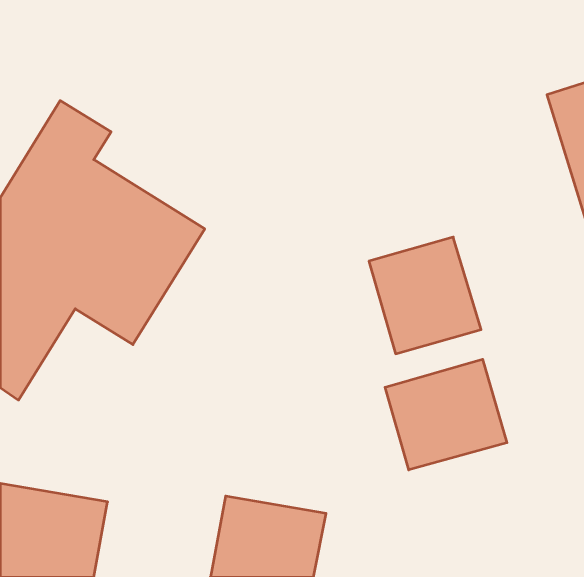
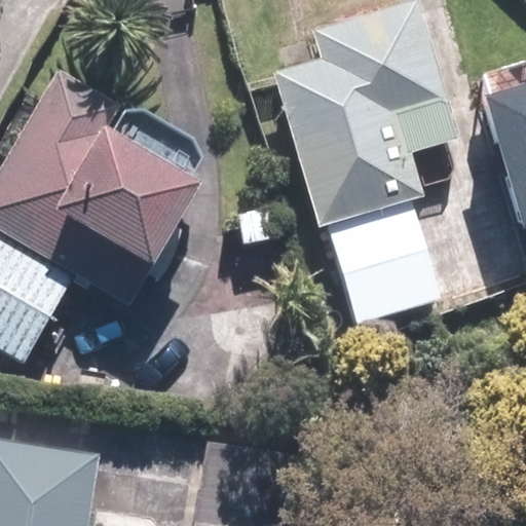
building: none -> [271,16,442,216]
building: [385,359,507,470] -> none

